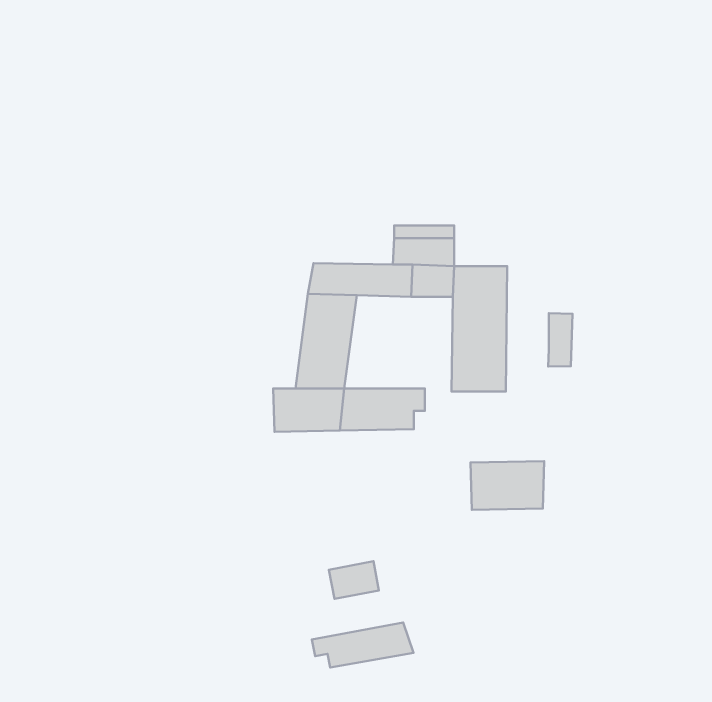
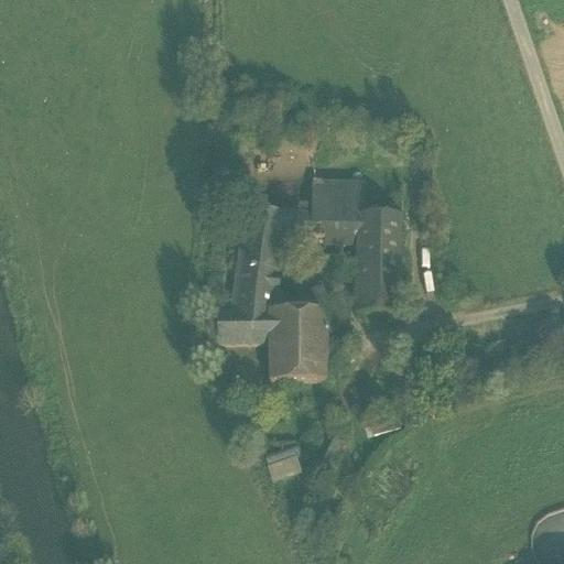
building: [548,313,573,367] -> none
building: [470,461,544,510] -> [269,339,327,378]
building: [312,623,414,667] -> none

